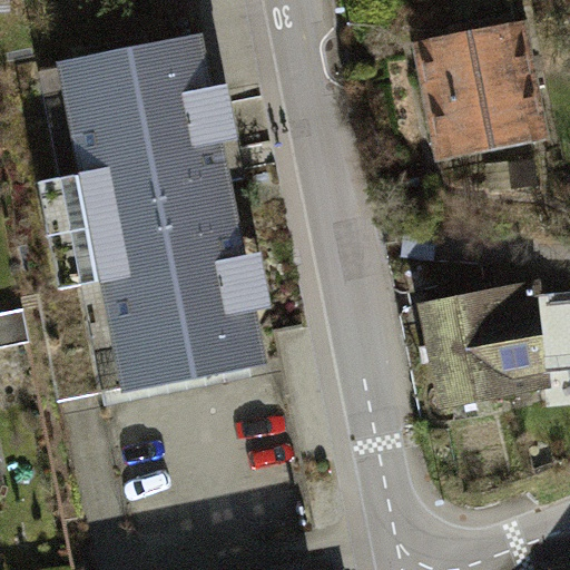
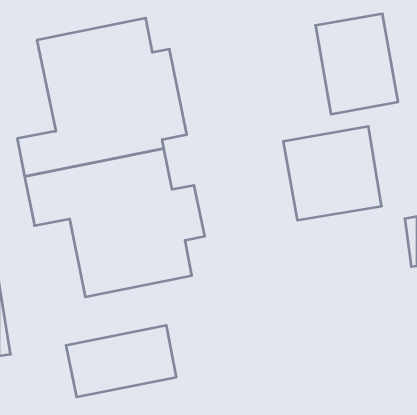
building: [423,284,557,411] -> [283,127,382,220]
building: none -> [66,325,176,397]

